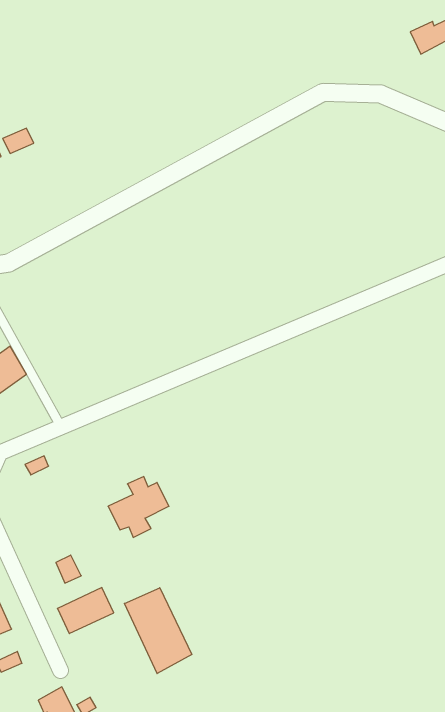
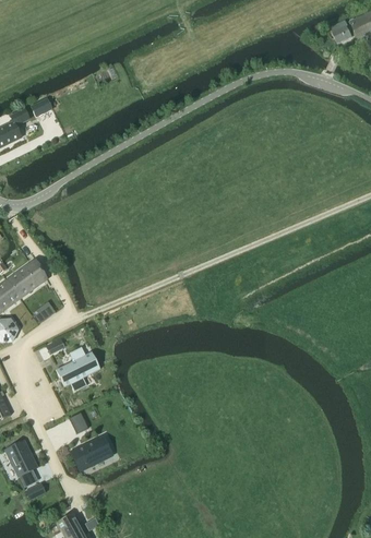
building: [108,477,169,537] -> [56,346,100,391]
building: [124,588,192,674] -> none

